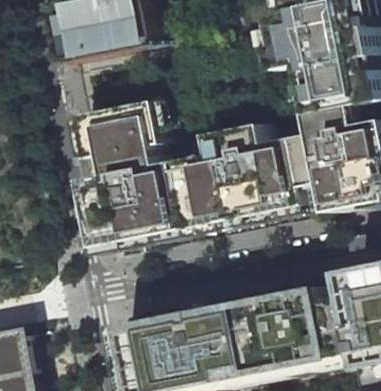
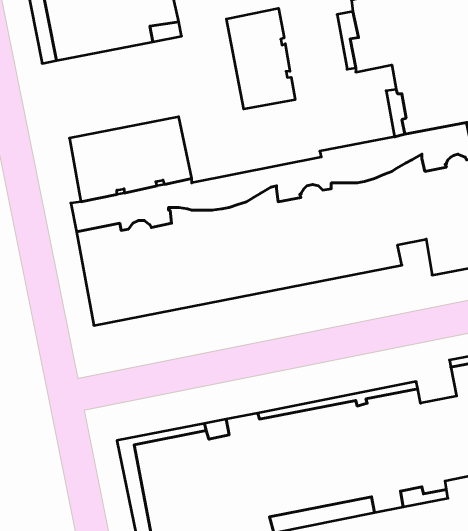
building: none -> [226,8,295,109]

